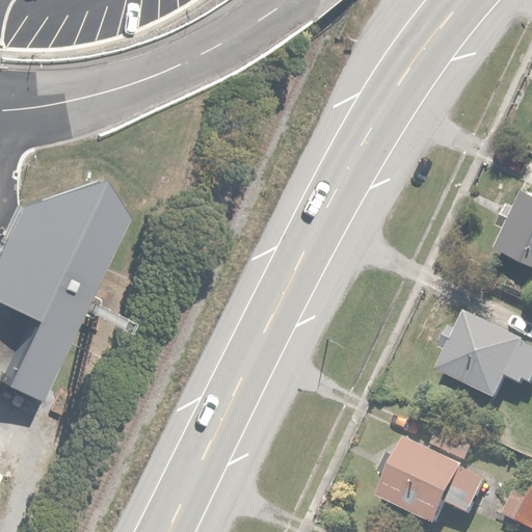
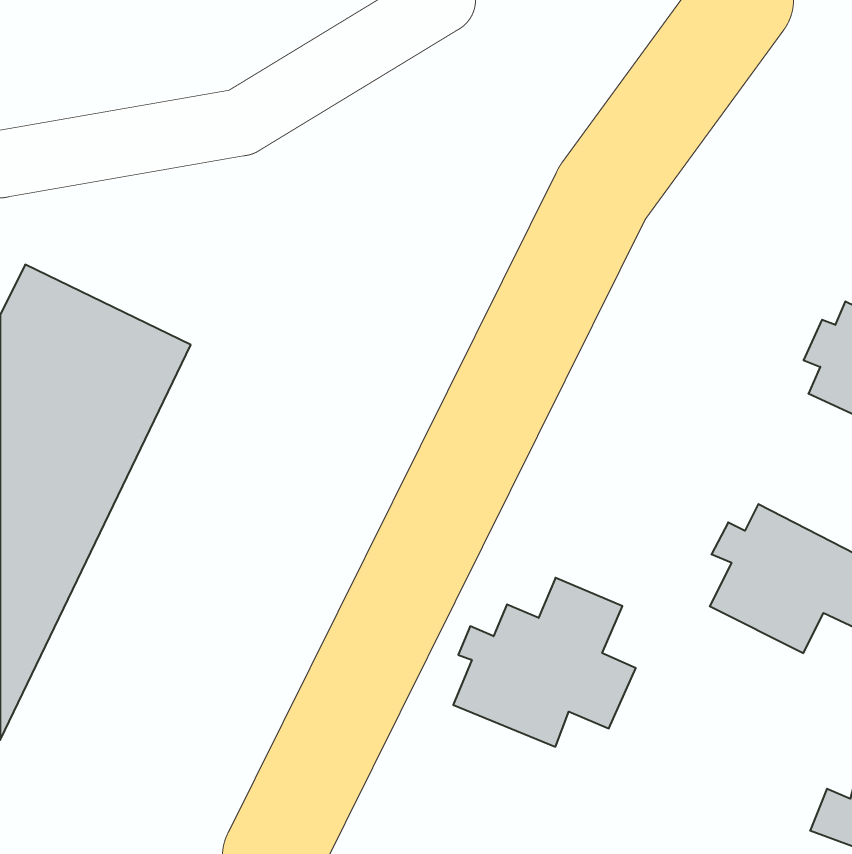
building: [380,420,494,525] -> [453,578,636,747]

